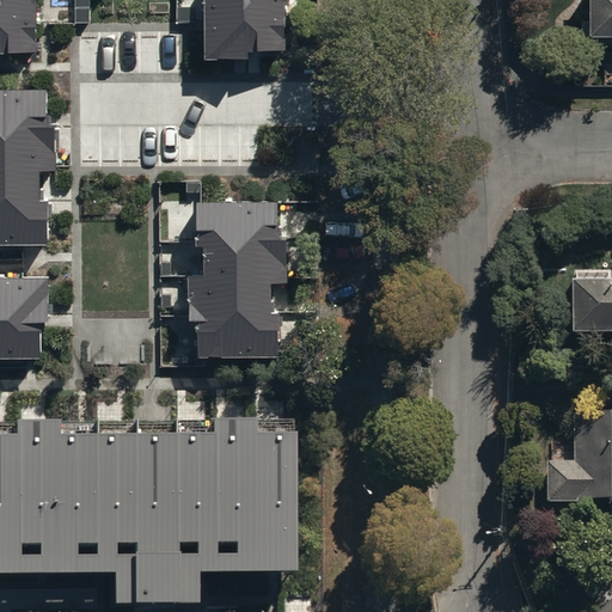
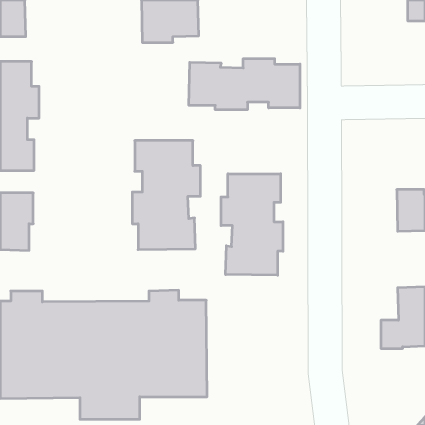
building: none -> [189,59,300,110]
building: none -> [221,174,283,275]

